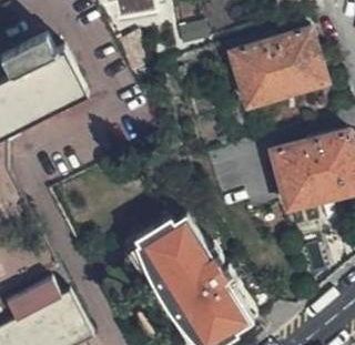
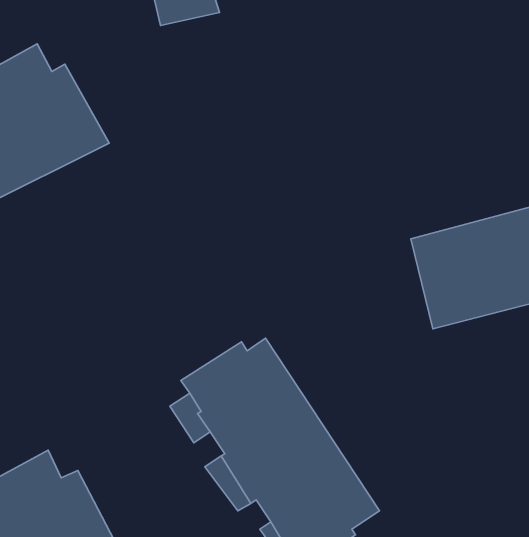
building: [231,26,326,105] -> none

